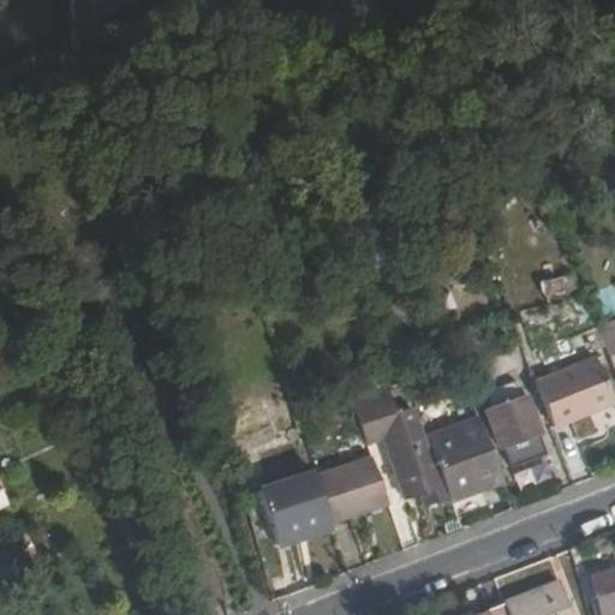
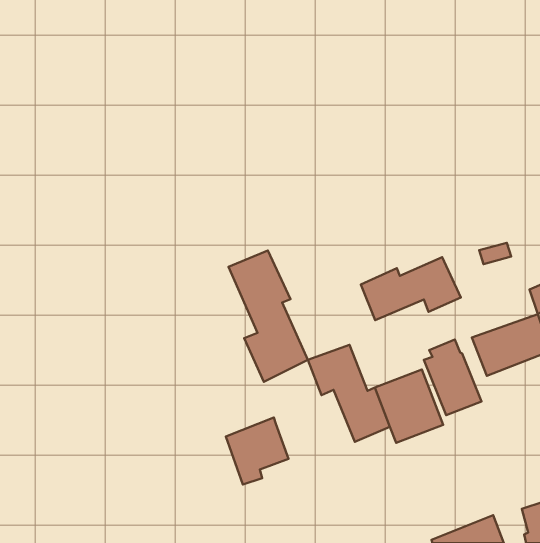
building: none -> [229,250,308,382]
building: none -> [361,257,461,320]
building: [316,455,389,526] -> none

